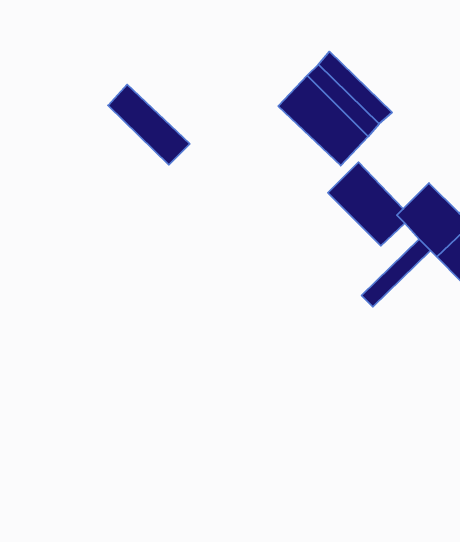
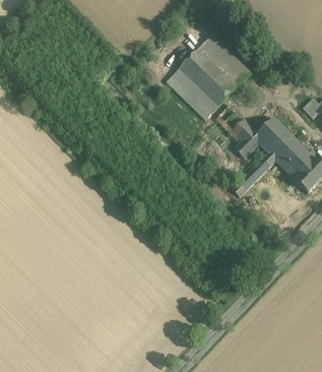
building: [108,85,190,165] -> [167,68,218,119]

